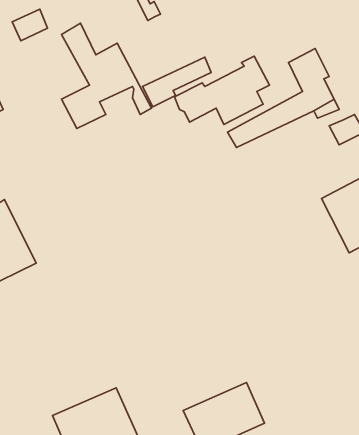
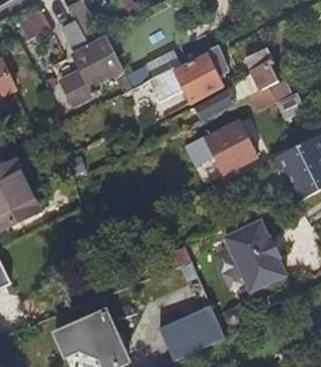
building: none -> [205,120,256,173]
building: none -> [225,222,284,292]

